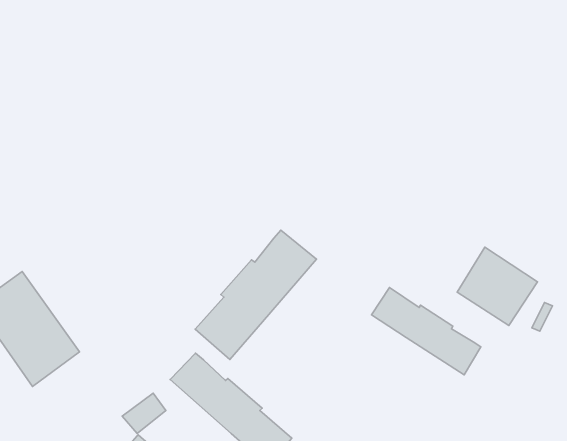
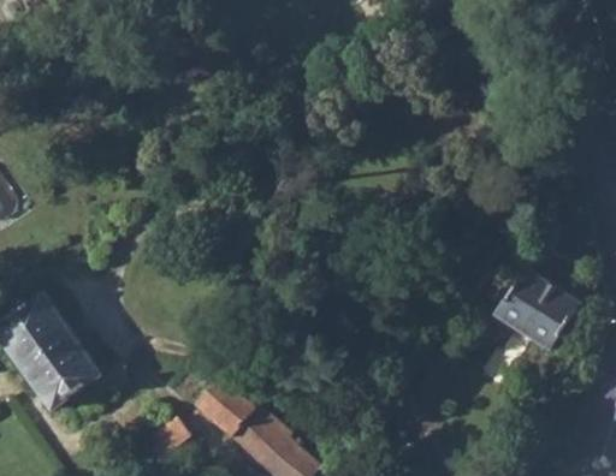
building: [195,230,316,359] -> none
building: [372,288,481,375] -> none

